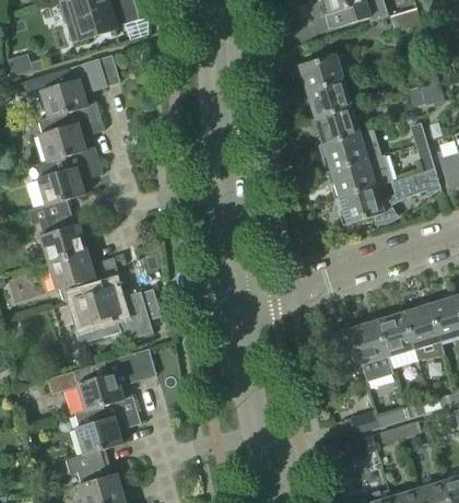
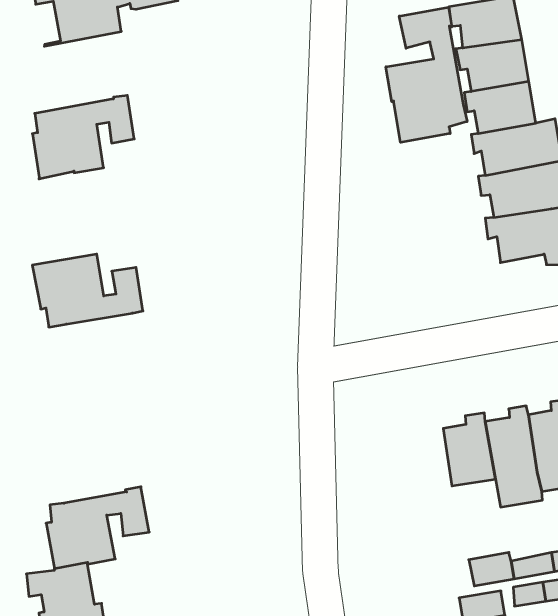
building: none -> [386,7,467,142]
building: [35,103,106,165] -> none
building: [28,199,87,262] -> none
building: [73,285,161,344] -> none
building: [47,349,157,412] -> none

